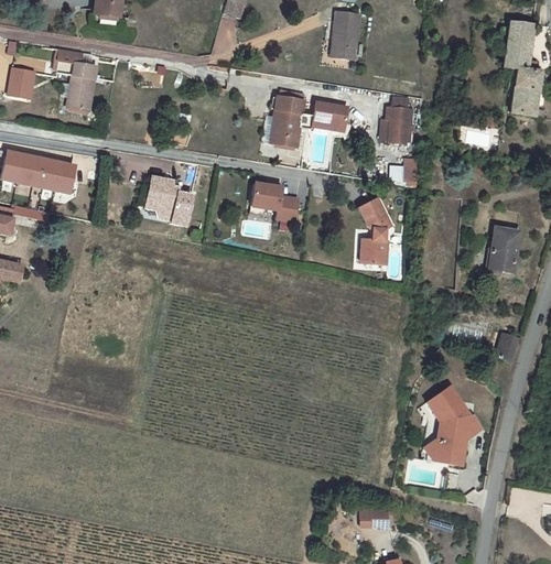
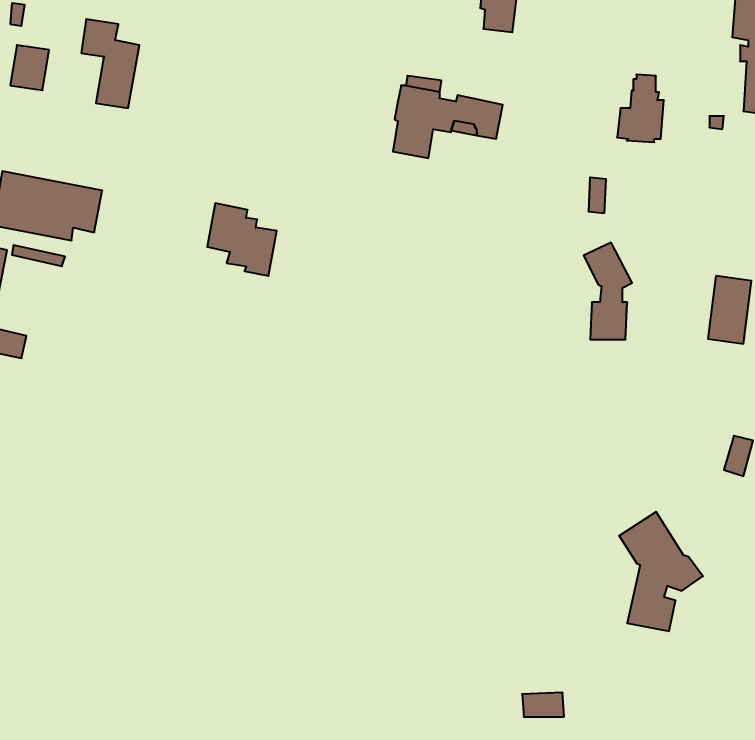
building: [380,95,412,141] -> [617,74,664,142]
building: [250,182,298,219] -> none
building: [359,197,392,263] -> [584,243,632,339]

